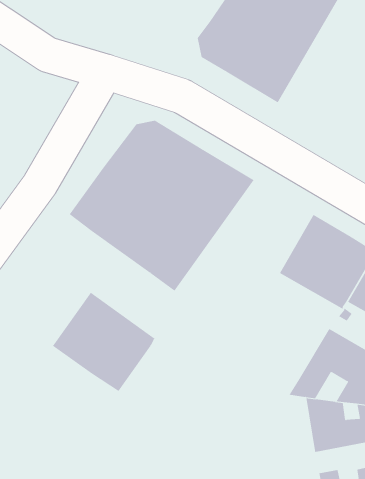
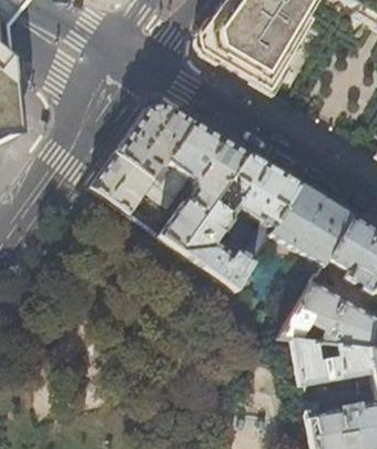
building: none -> [181,153,298,288]
building: [52,292,157,392] -> none

